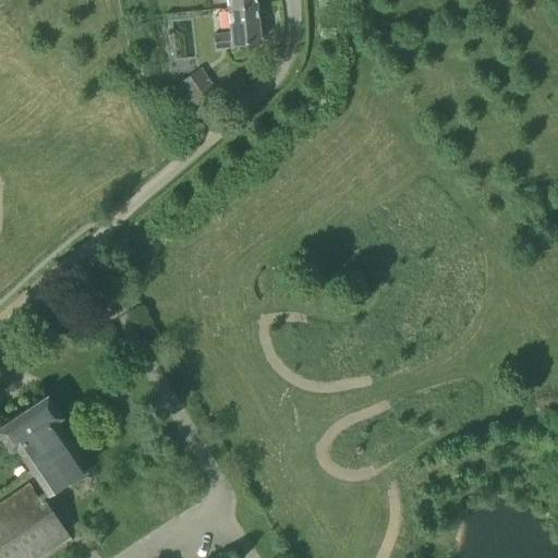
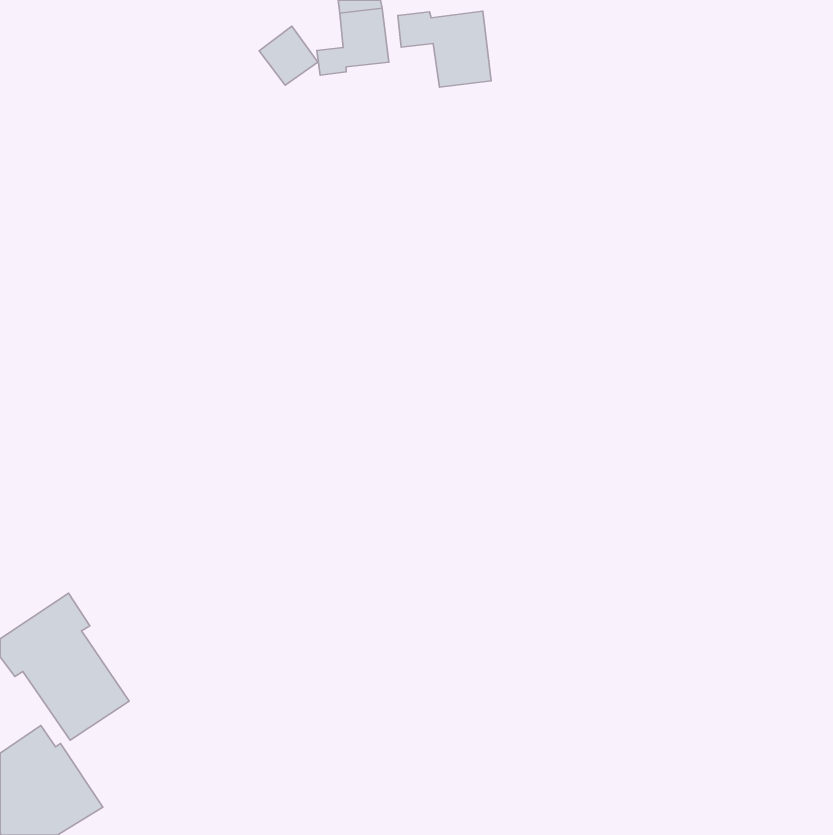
building: none -> [398,11,491,87]
building: [178,68,217,107] -> [259,26,318,85]

